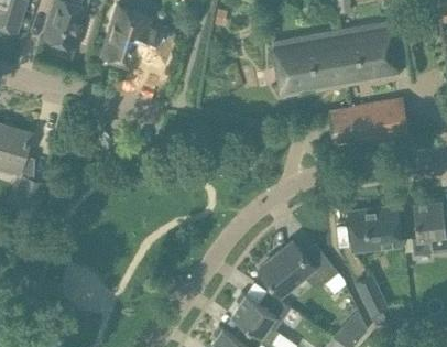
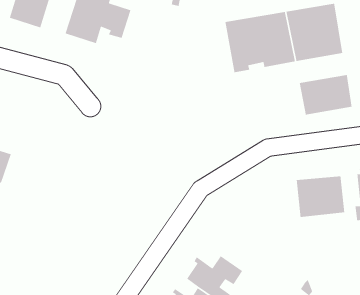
building: [328,108,358,147] -> none
building: [259,242,338,295] -> none
building: [355,276,388,317] -> none

